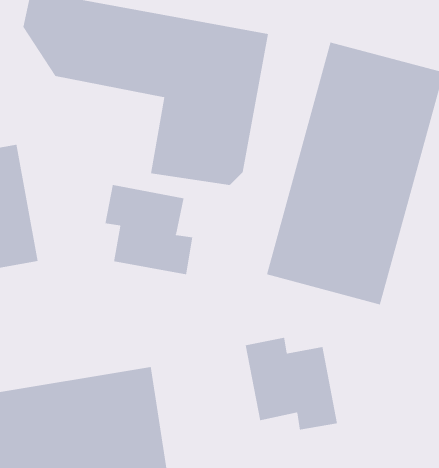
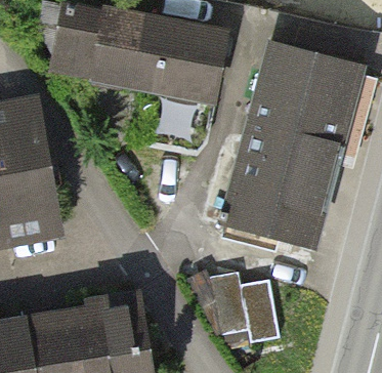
building: [105,184,193,275] -> none

